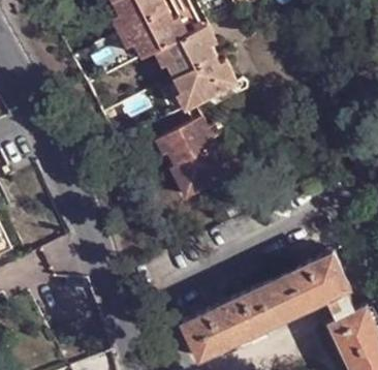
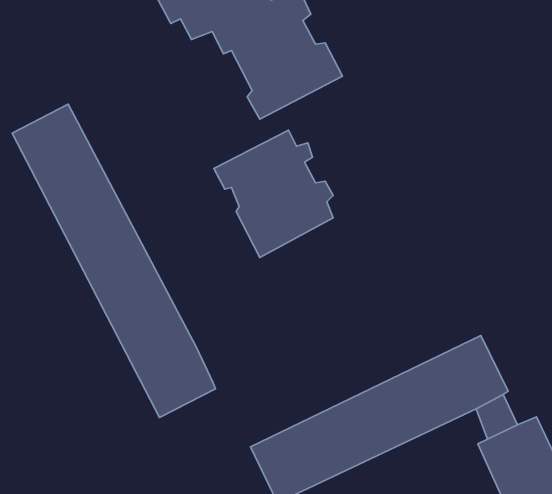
building: none -> [12,104,215,418]

